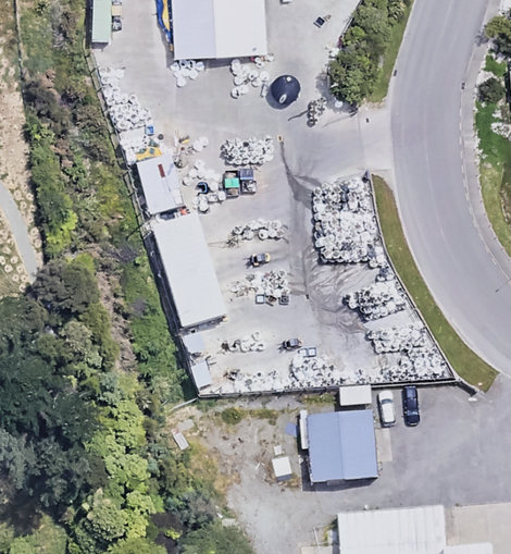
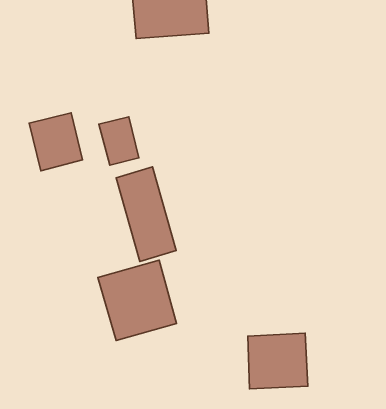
building: none -> [29,113,83,171]
building: none -> [98,260,177,341]

